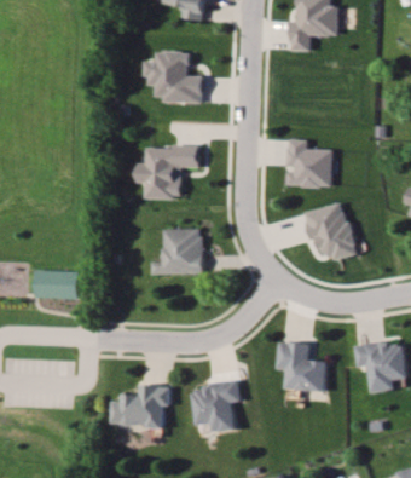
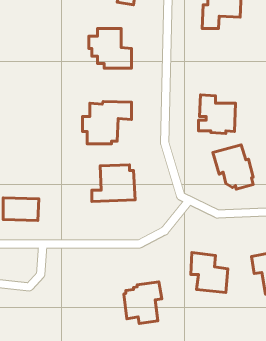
building: [111,384,169,428] -> none

